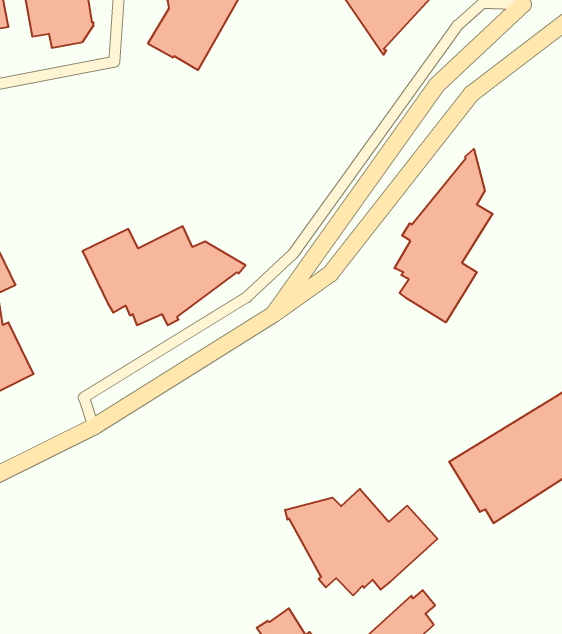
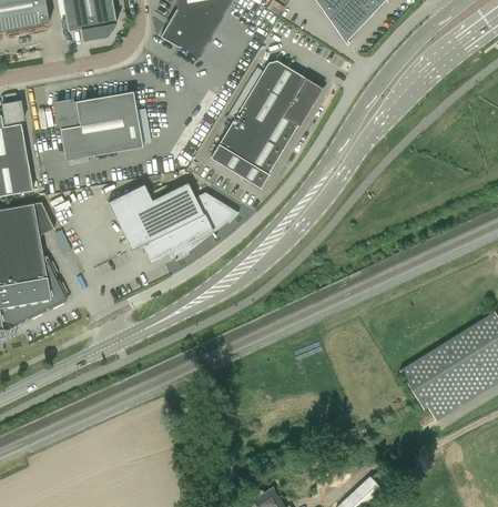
building: none -> [210,60,323,189]
building: none -> [57,91,143,160]
building: [394,149,493,322] -> none
building: [285,489,437,595] -> none

